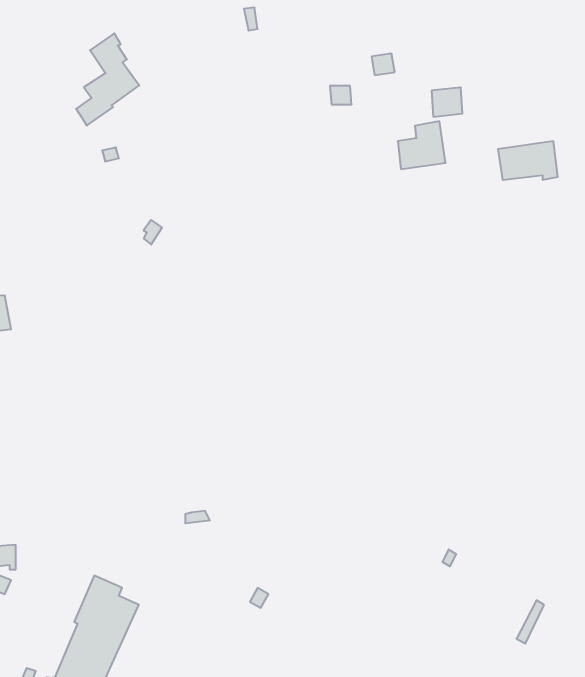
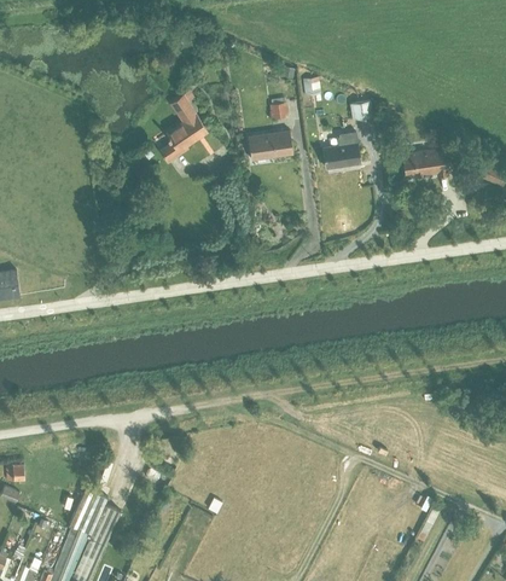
building: [76,33,139,126] -> [158,91,208,163]
building: none -> [246,130,292,161]

